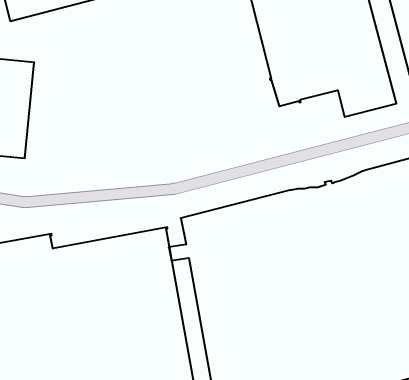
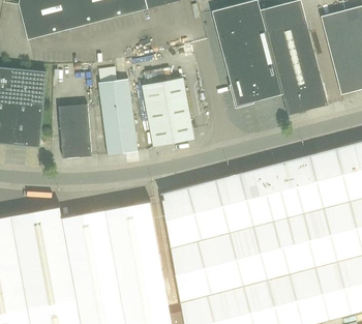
building: none -> [142,76,194,145]
building: none -> [98,78,138,154]
building: none -> [59,104,91,157]

